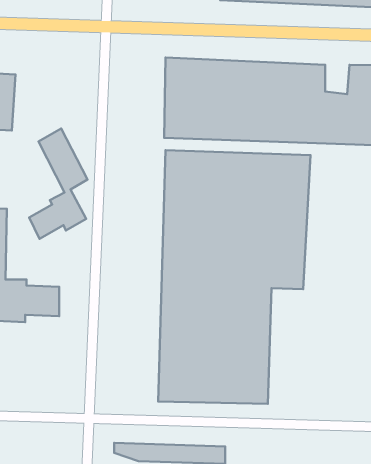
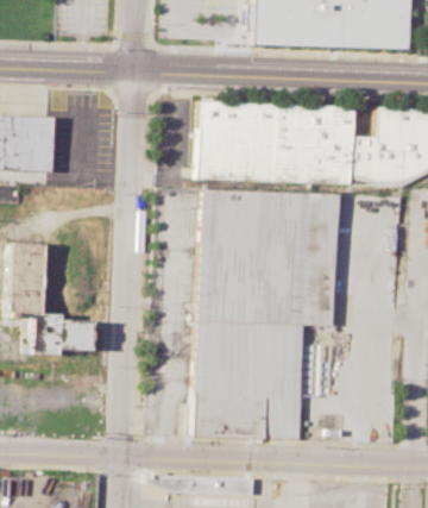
building: [29,129,87,239] -> none

